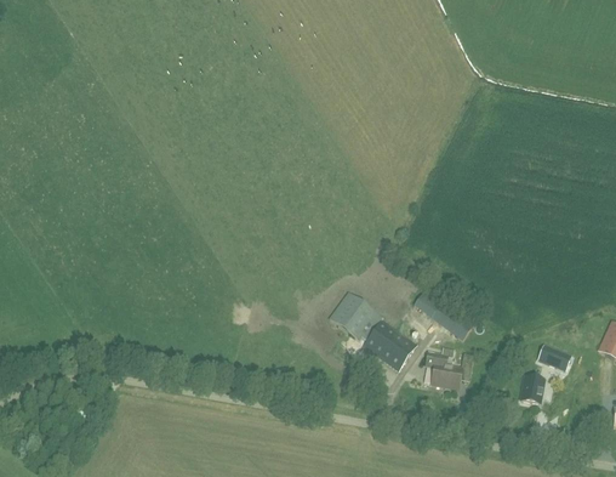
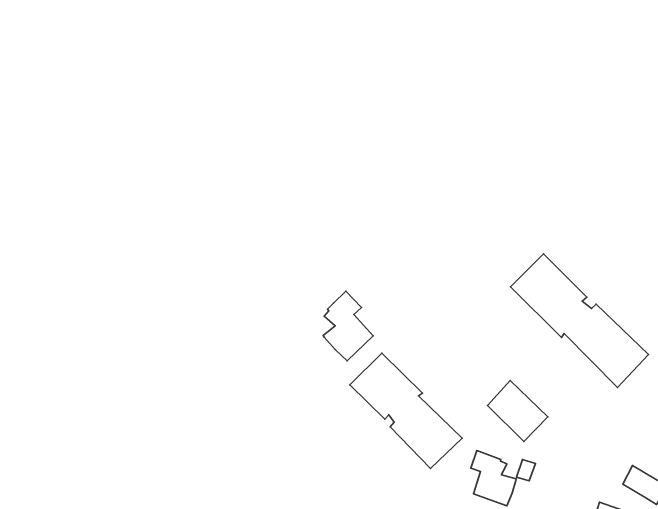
building: none -> [511,254,649,388]
building: none -> [323,291,373,361]

